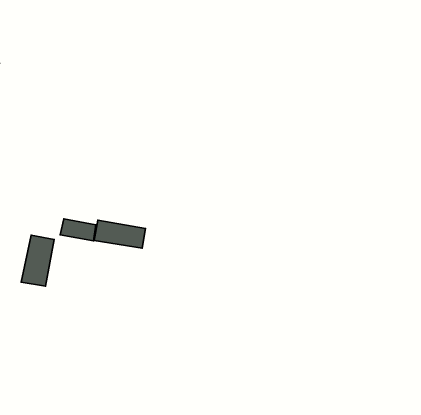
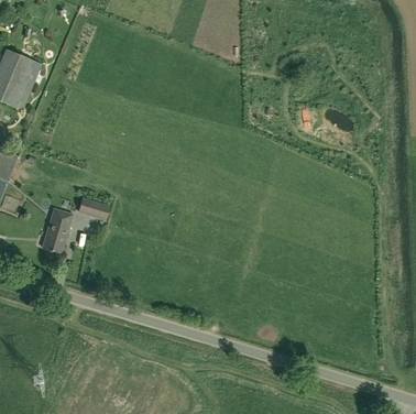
building: [94,220,145,248] -> none

